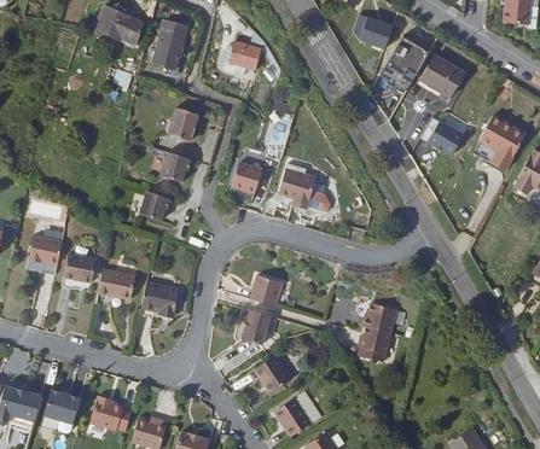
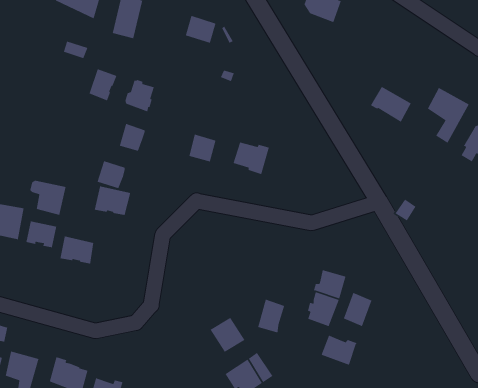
building: [383,35,429,84] -> none
building: [420,54,465,97] -> none
building: none -> [89,68,118,102]
building: none -> [30,180,66,216]
building: [250,273,283,304] -> none
building: [143,281,181,313] -> [94,186,131,216]
building: [243,308,272,344] -> [257,299,285,333]
building: none -> [343,292,372,327]
building: none -> [320,334,358,366]

